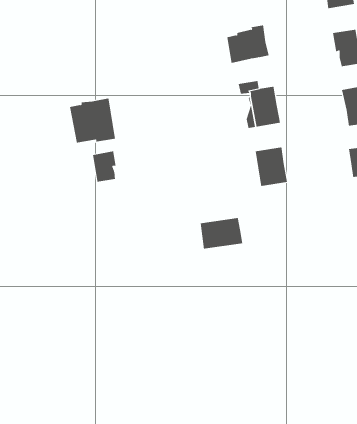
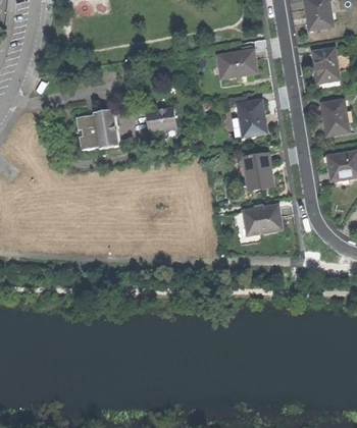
building: none -> [146,107,177,131]
building: [93,150,116,182] -> none
building: [200,217,243,249] -> [243,205,282,233]

